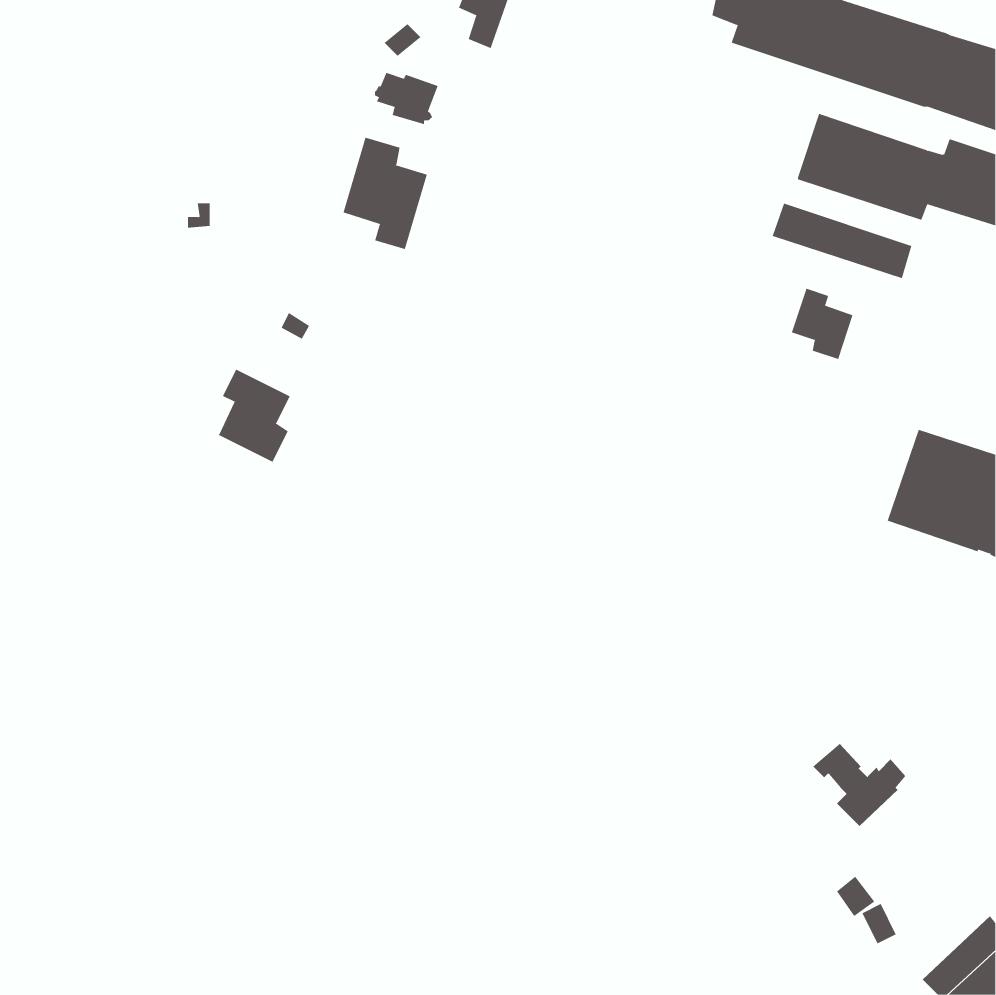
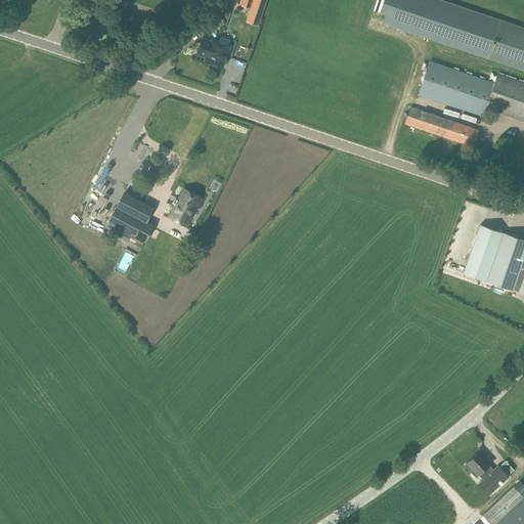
building: [343,137,428,250] -> none
building: [791,288,853,360] -> none
building: none -> [170,189,201,225]
building: [813,743,906,827] -> [465,451,514,495]

